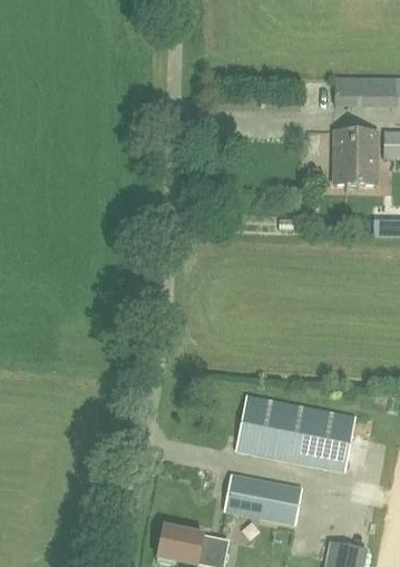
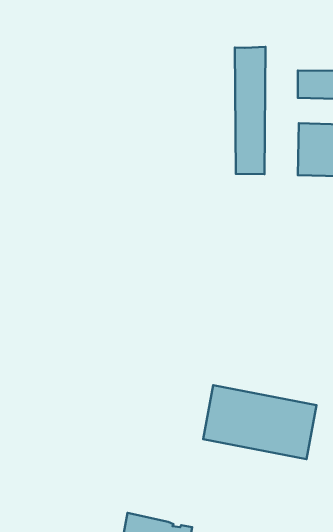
building: none -> [235,47,266,174]
building: [223,475,301,525] -> none

